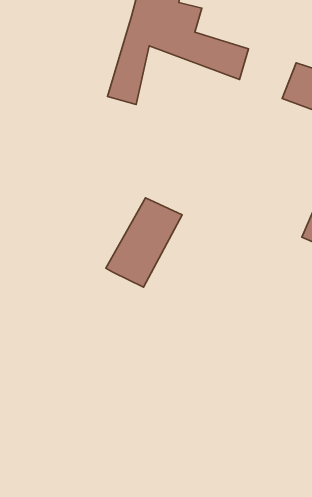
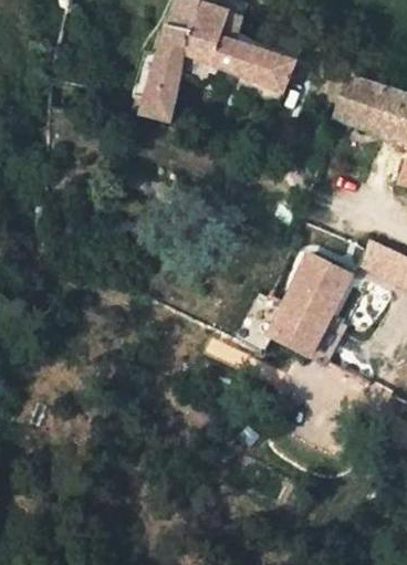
building: [106,198,182,287] -> [264,259,349,358]

